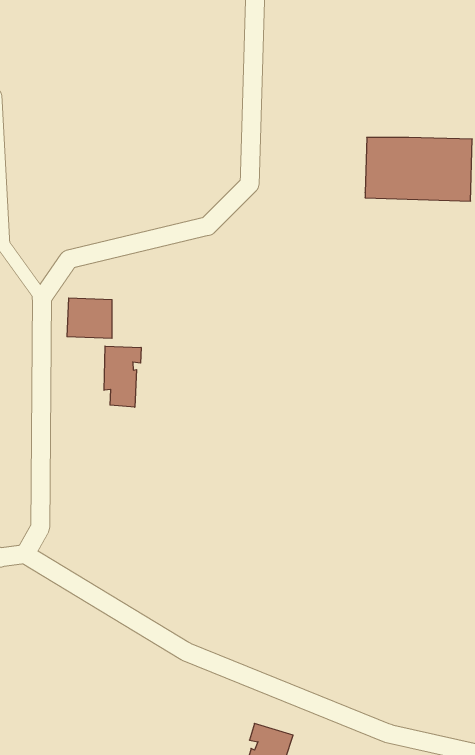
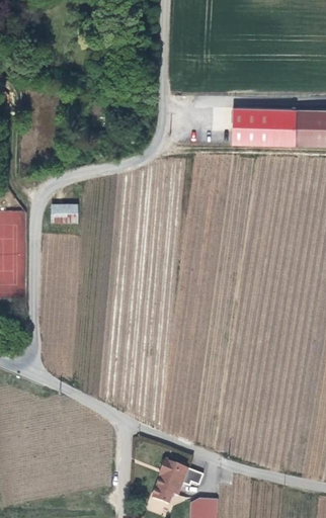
building: [104,346,141,407] -> none

